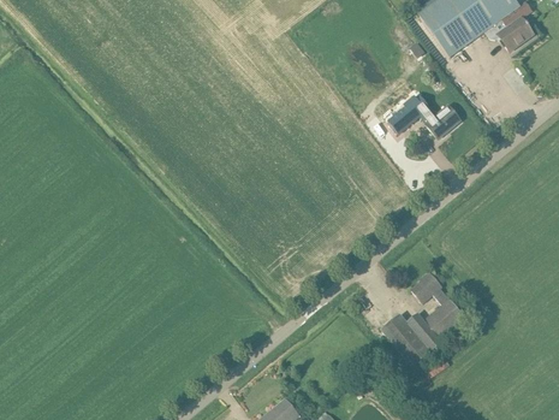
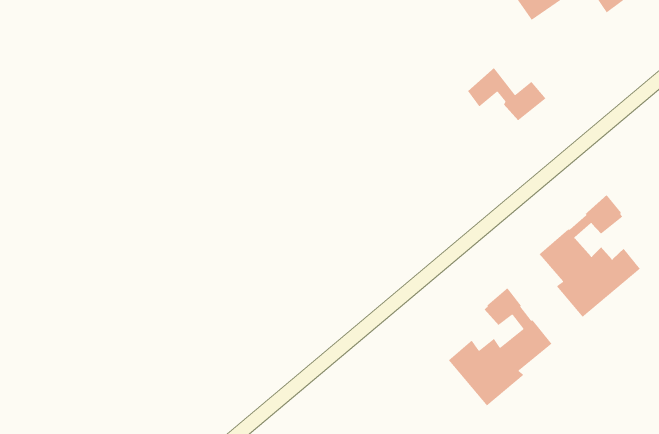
building: none -> [538,194,641,318]

